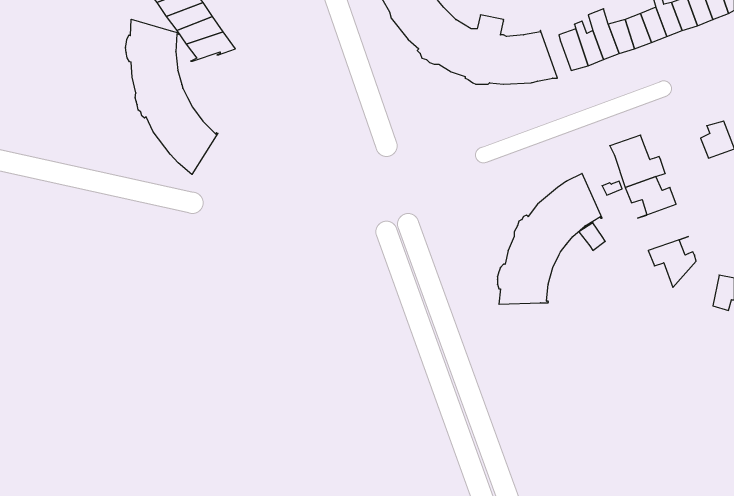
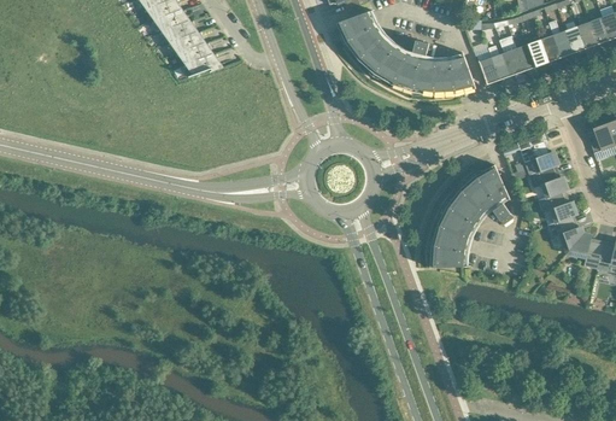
building: [126,19,218,174] -> none
building: none -> [538,188,577,224]
building: none -> [565,233,602,268]

